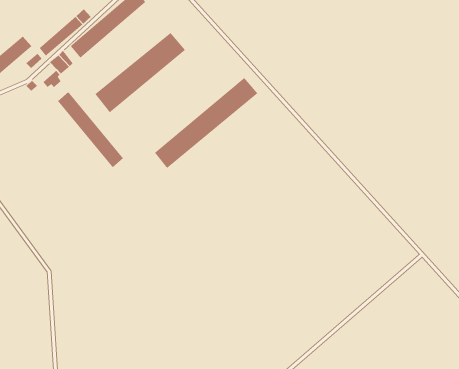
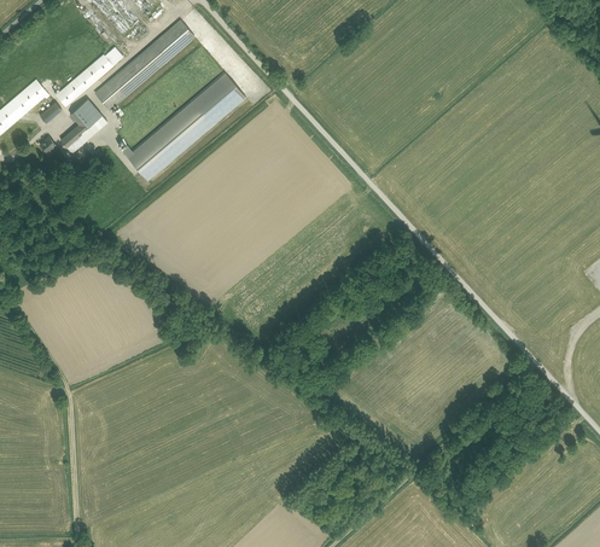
building: [154,77,258,169] -> none
building: [57,91,124,168] -> none

